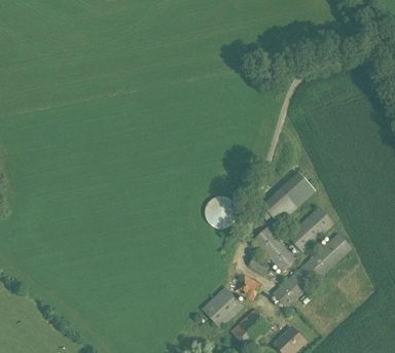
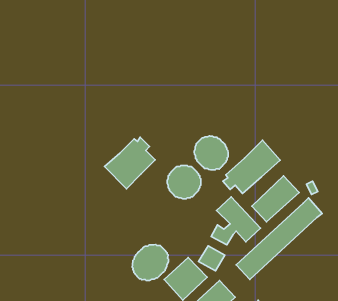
building: none -> [194,136,228,170]
building: none -> [104,137,155,189]
building: none -> [132,245,169,281]

